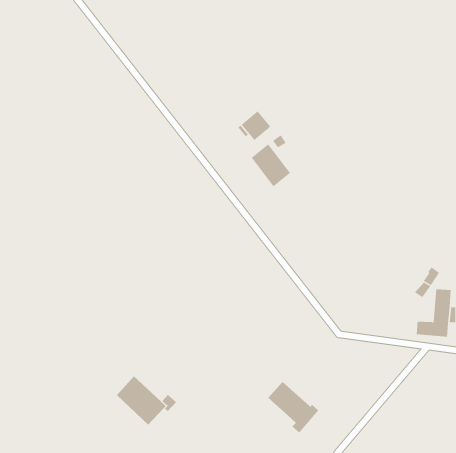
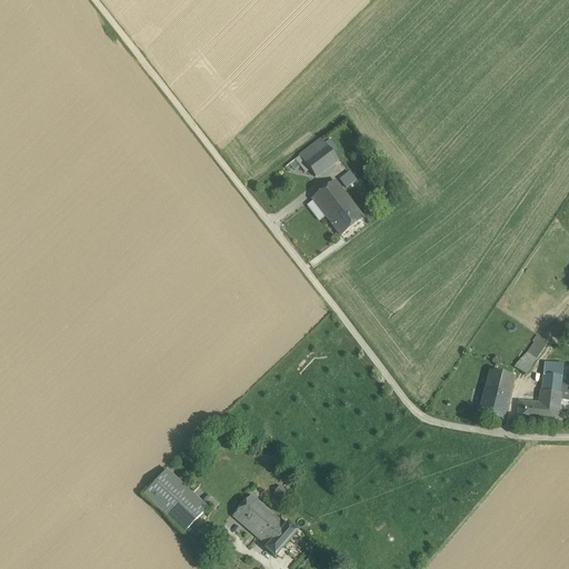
building: none -> [479,368,513,416]
building: [267,381,319,434] -> [231,492,296,558]

